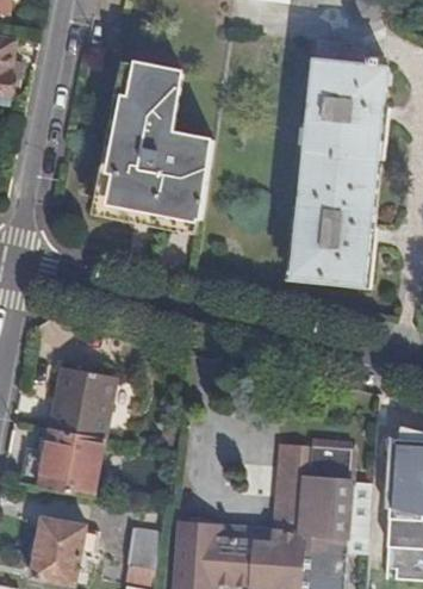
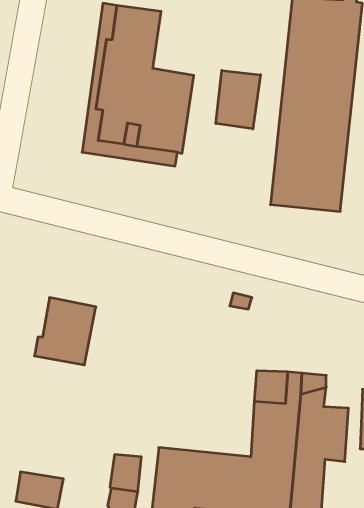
building: none -> [216,70,261,129]
building: [39,427,102,496] -> none
building: [37,516,86,553] -> none

